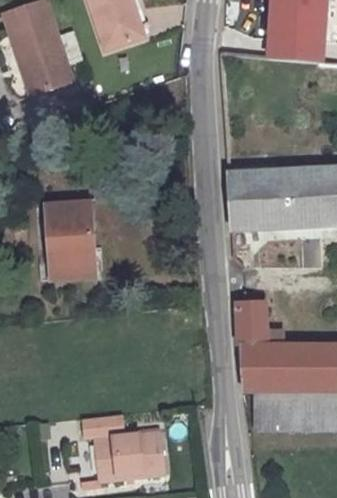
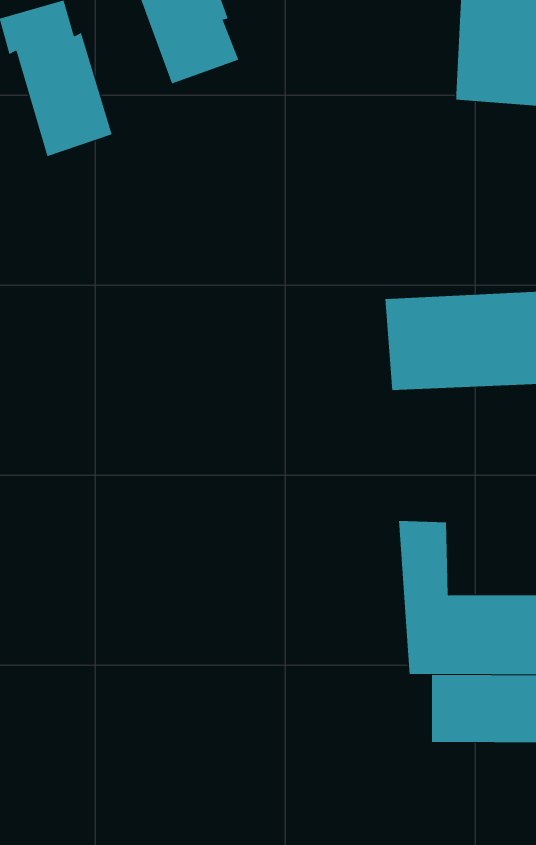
building: [45,201,94,279] -> none
building: [82,413,164,480] -> none

